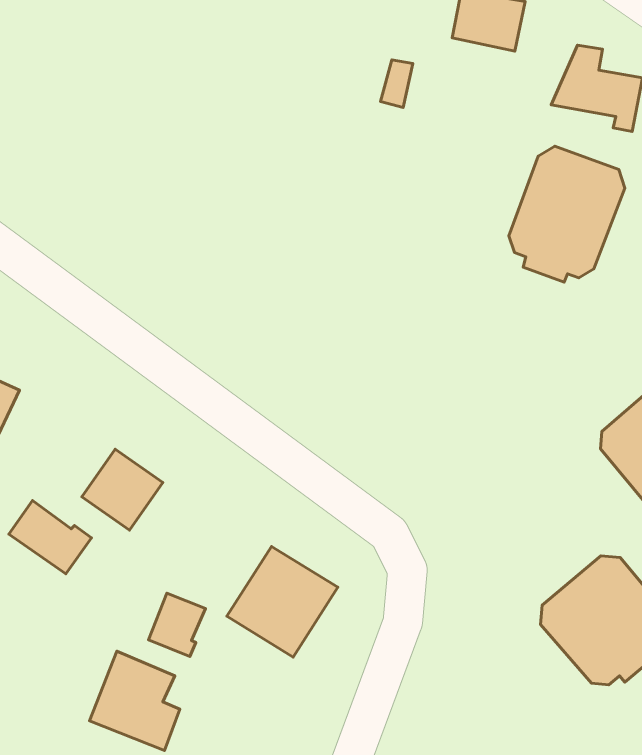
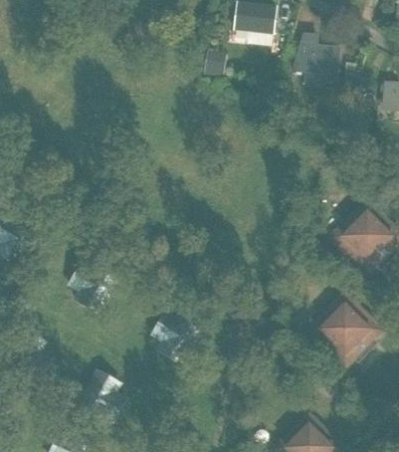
building: [509,146,625,282] -> none
building: [9,501,92,574] -> none
building: [149,593,205,657] -> none

